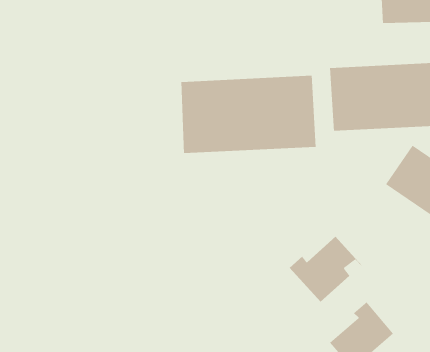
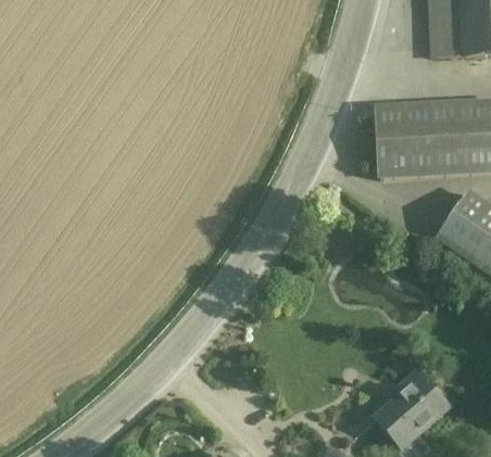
building: [181,75,316,154] -> none
building: [289,236,362,302] -> none

